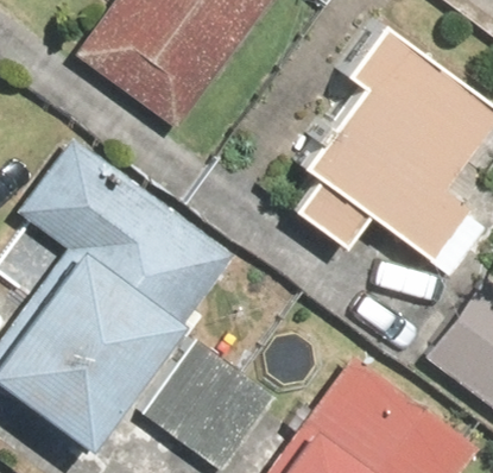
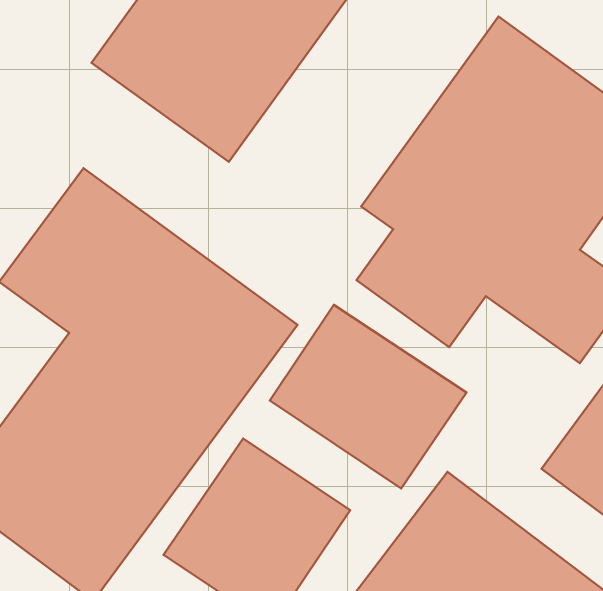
building: none -> [270,305,466,489]

